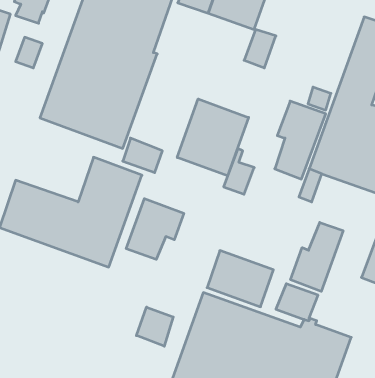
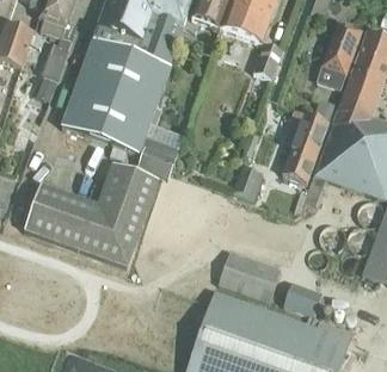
building: none -> [317,20,362,88]
building: [177,99,249,176] -> none
building: [126,199,184,259] -> none
building: [291,222,343,291] -> none
building: [136,307,173,346] -> none

